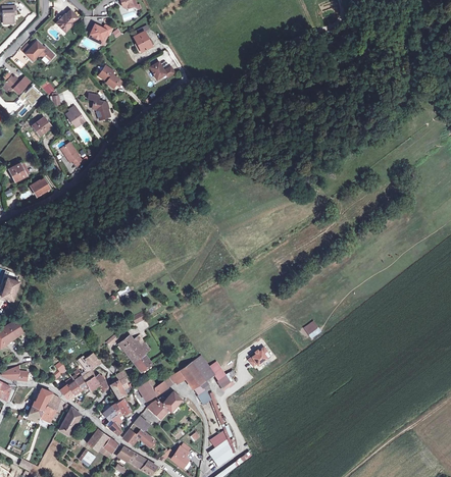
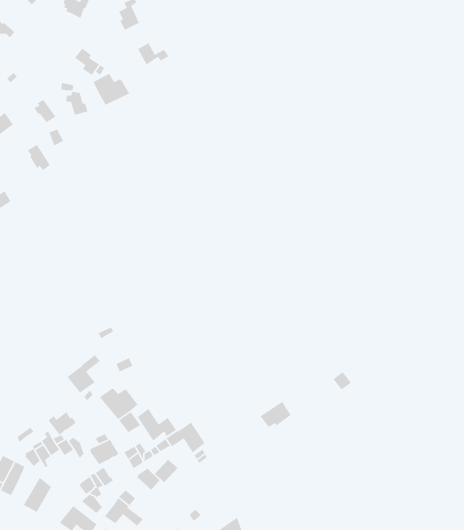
building: none -> [93,73,130,106]
building: none -> [66,354,100,394]
building: [192,355,223,381] -> [137,408,177,441]

